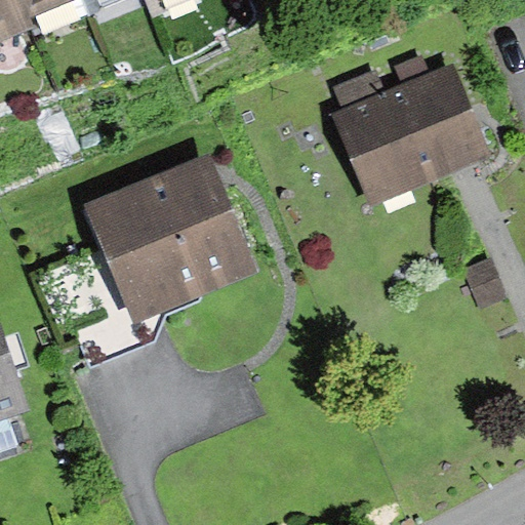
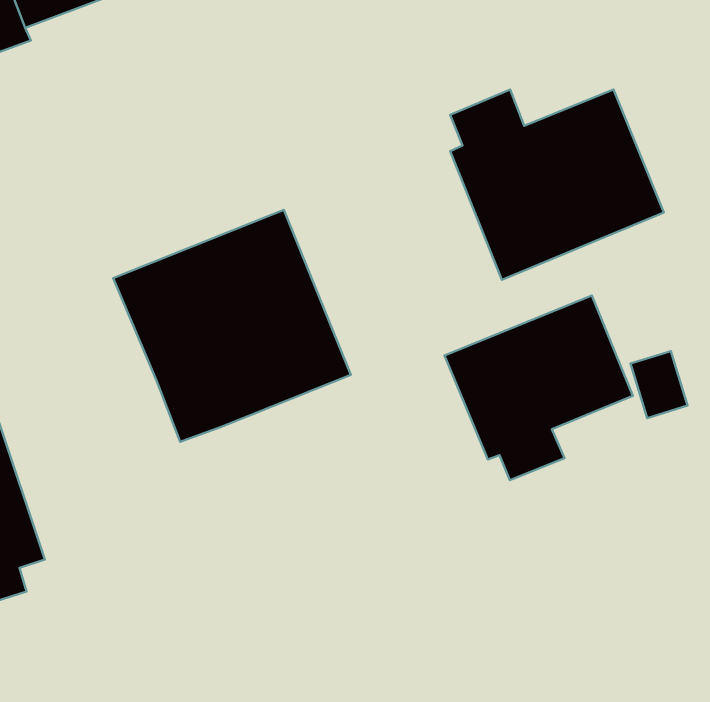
building: none -> [444,296,633,480]

